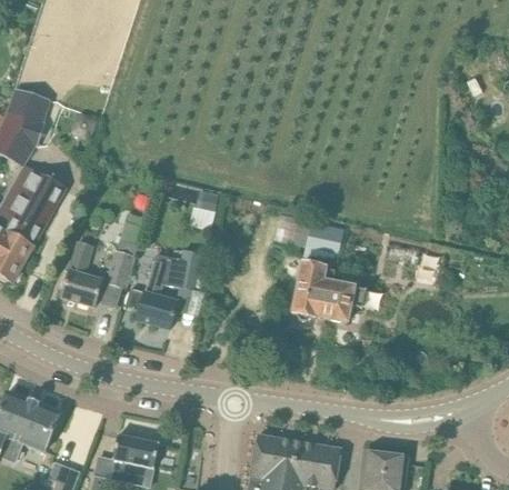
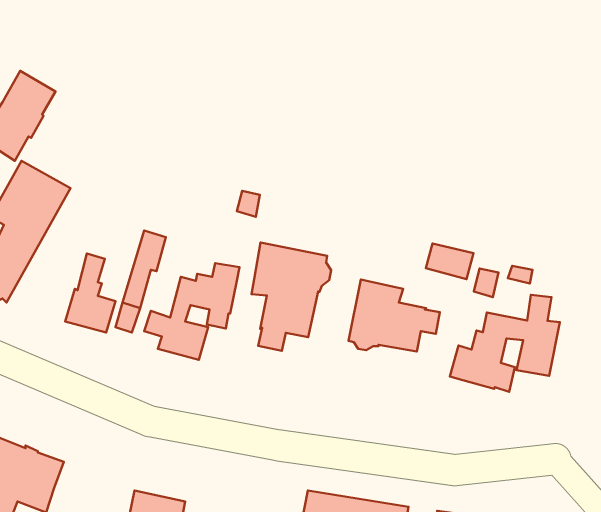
building: [306,224,345,253] -> [426,244,473,279]
building: none -> [251,243,331,351]
building: none -> [450,295,560,392]

